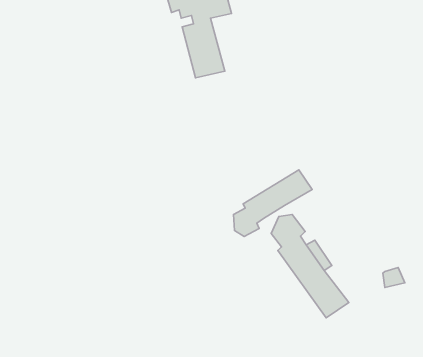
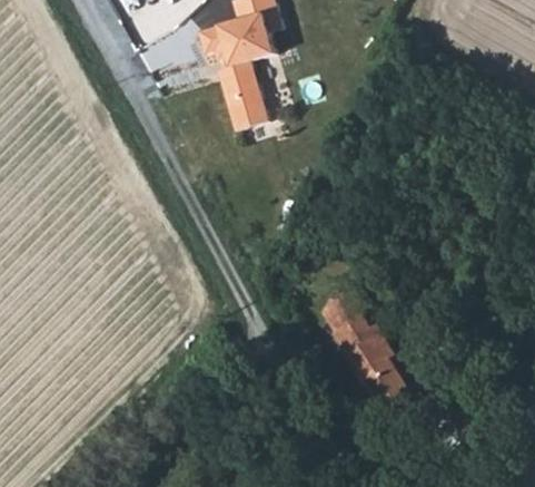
building: [233,170,312,237] -> none

